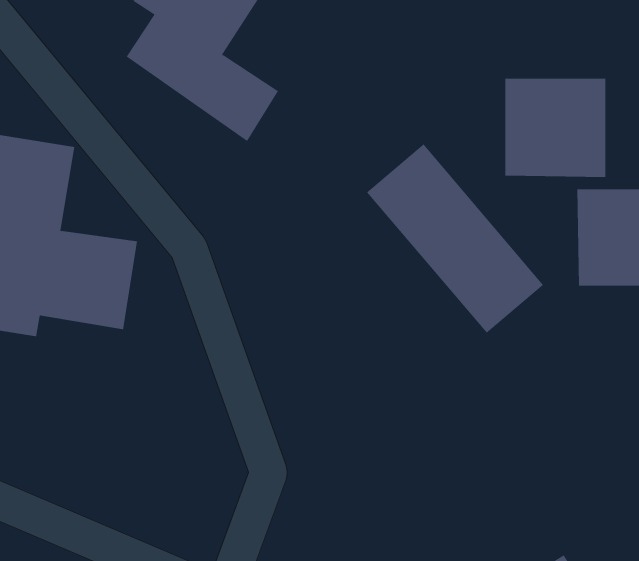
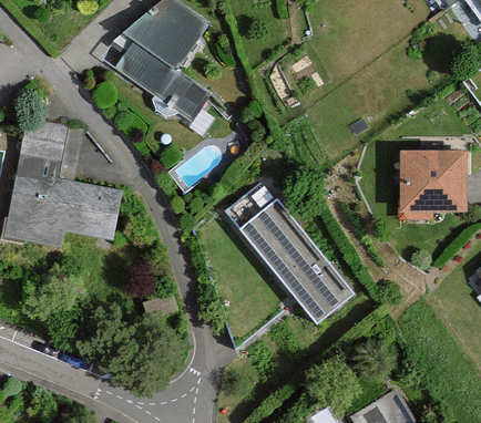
building: [505,78,606,178] -> none
building: [366,144,544,333] -> [236,193,349,313]

